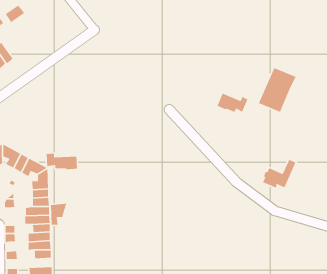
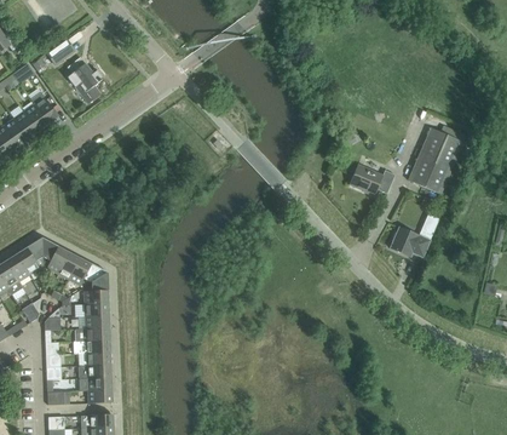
building: none -> [68,62,103,102]
building: [46,153,78,170] -> none
building: [262,159,297,188] -> [390,213,439,256]
building: [50,203,67,225] -> none

